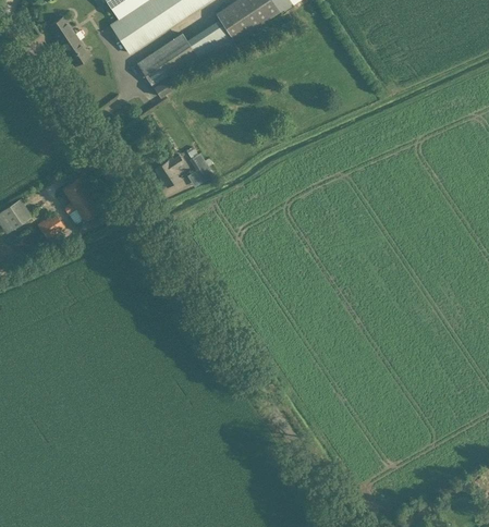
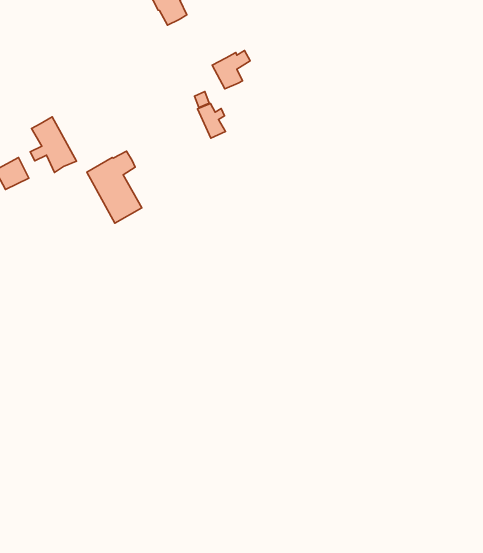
building: [155,155,184,186] -> [212,51,250,89]
building: none -> [87,151,142,223]

